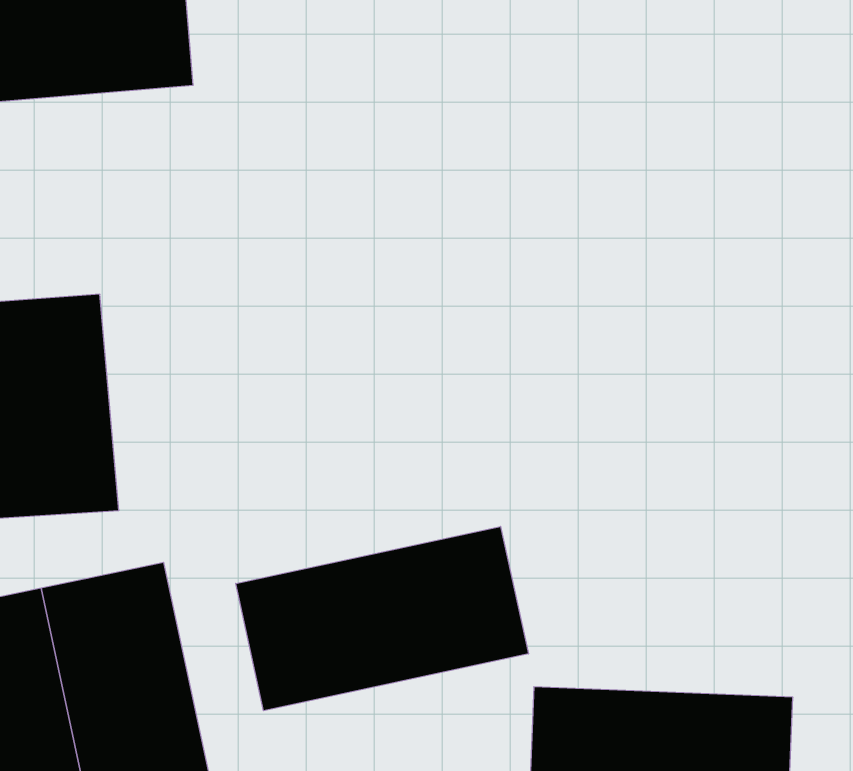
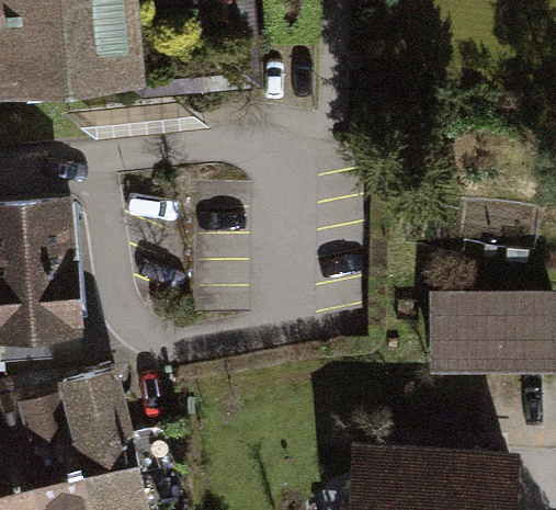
building: none -> [431,299,542,372]
building: [236,526,528,711] -> none

